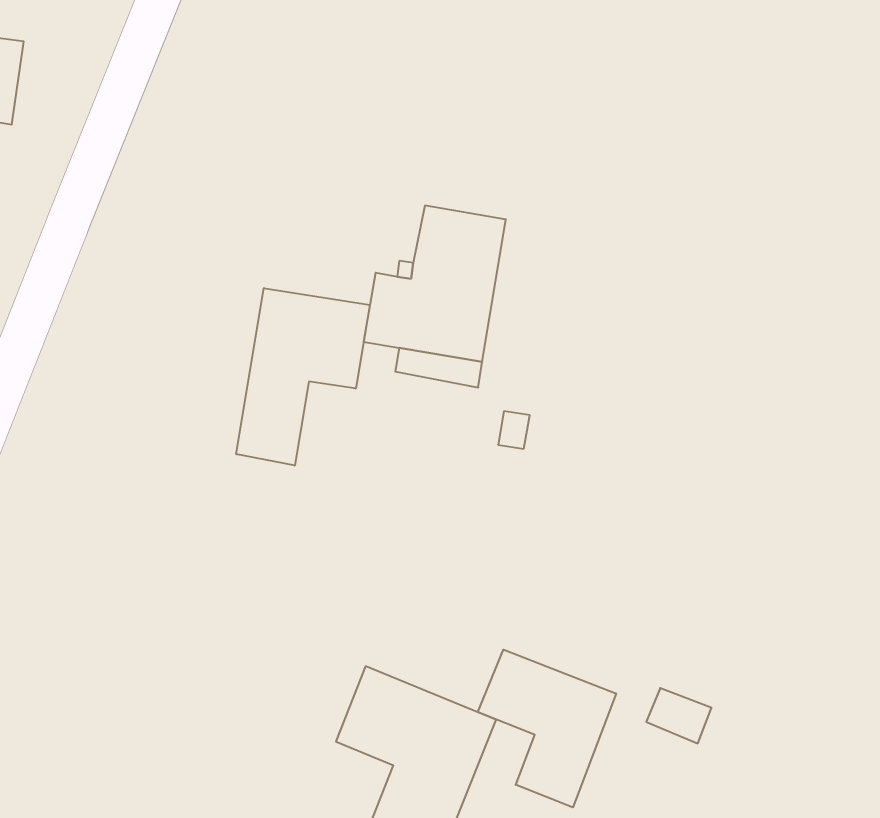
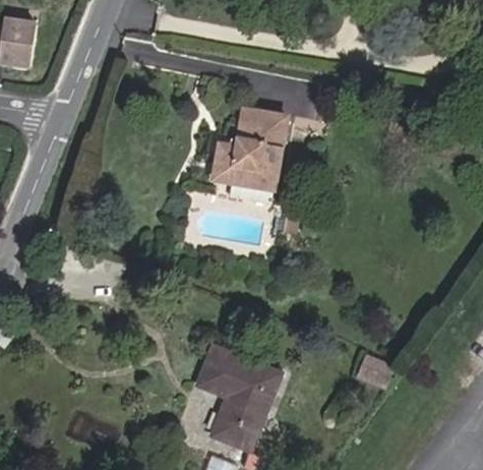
building: [236,288,370,466] -> none
building: [478,650,616,807] -> none

